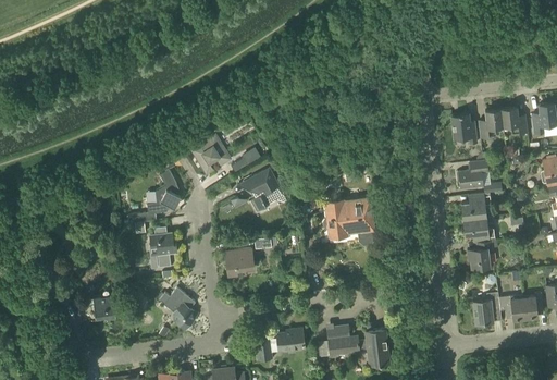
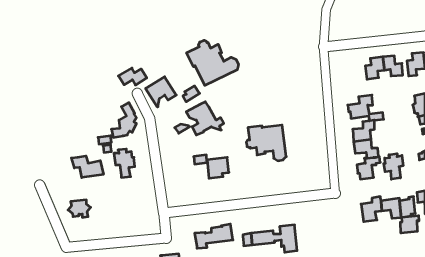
building: none -> [187,40,238,85]
building: [450,113,475,144] -> none
building: none -> [118,68,147,85]
building: none -> [384,154,403,179]
building: none -> [71,156,103,178]
building: [225,248,253,275] -> [207,157,229,178]
building: [159,287,197,329] -> none
building: none -> [400,216,419,233]

